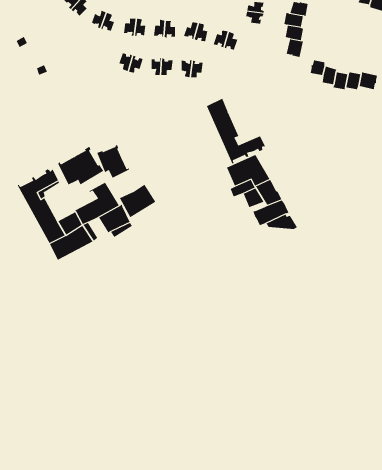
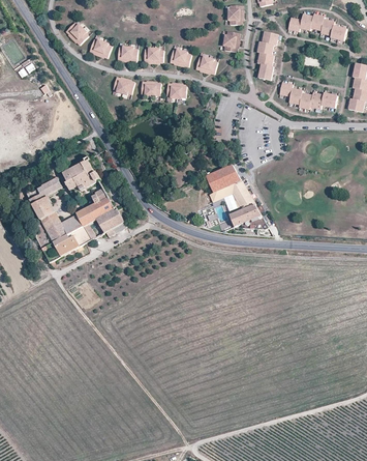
building: [206,98,266,164] -> none
building: [97,144,129,178] -> none
building: [119,184,156,218] -> none

